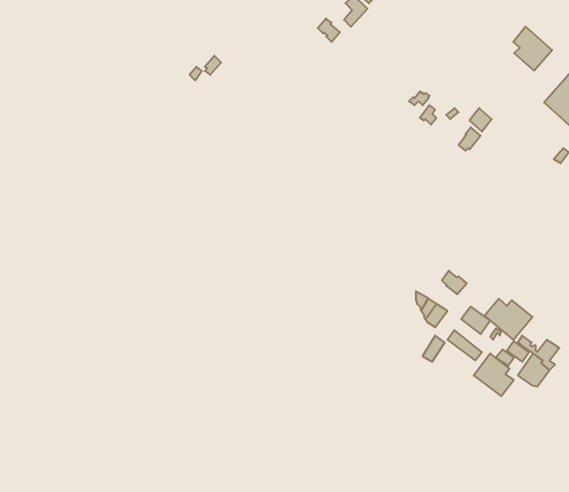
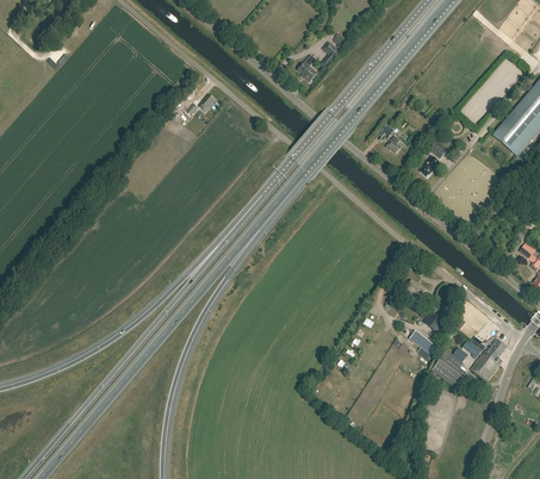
building: [513,27,552,71] -> none
building: [484,299,533,340] -> none

